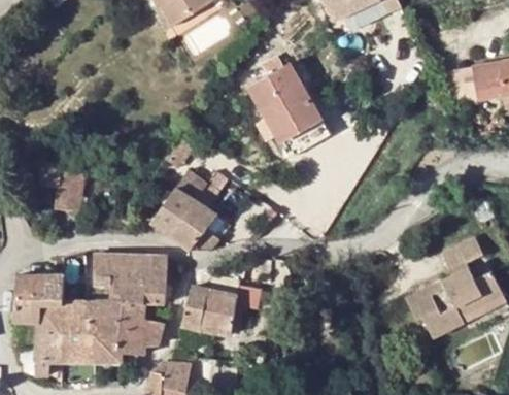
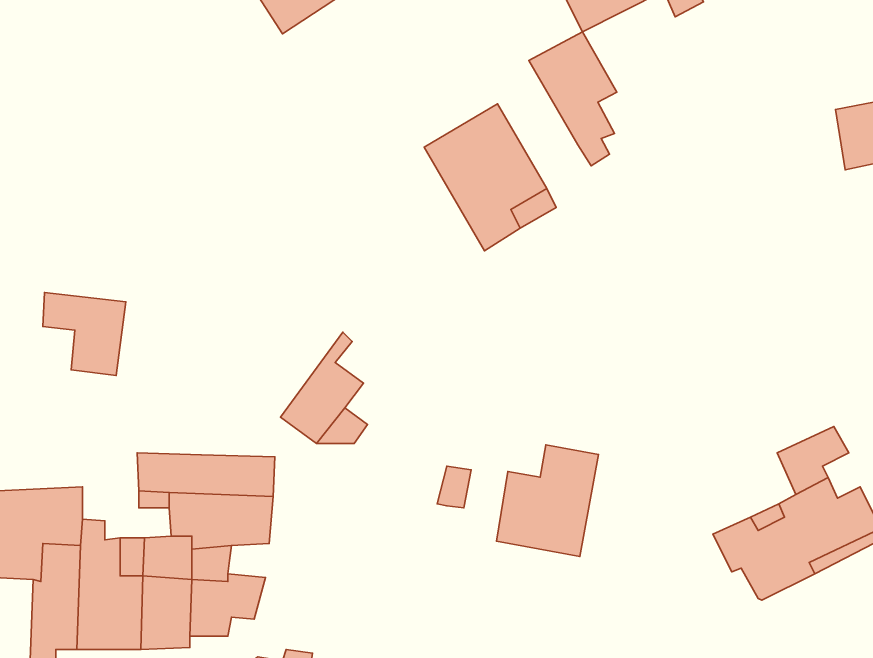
building: none -> [529,32,617,166]
building: [152,184,205,234] -> none
building: [184,273,240,334] -> [497,445,599,556]

